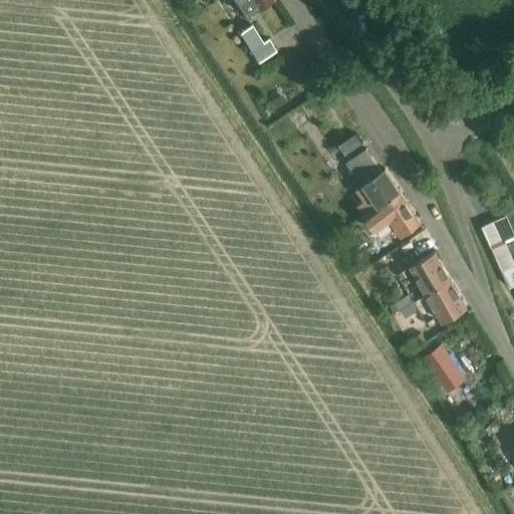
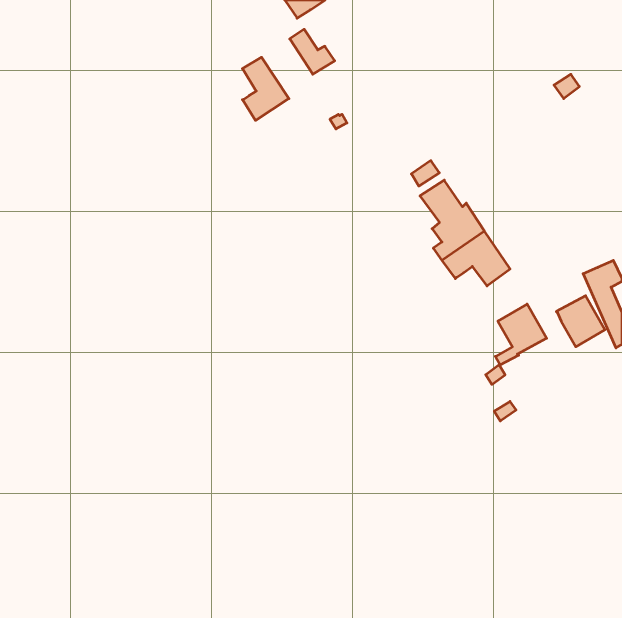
building: none -> [242,57,289,120]
building: [427,282,467,324] -> [556,296,605,347]
building: [424,343,465,390] -> none

